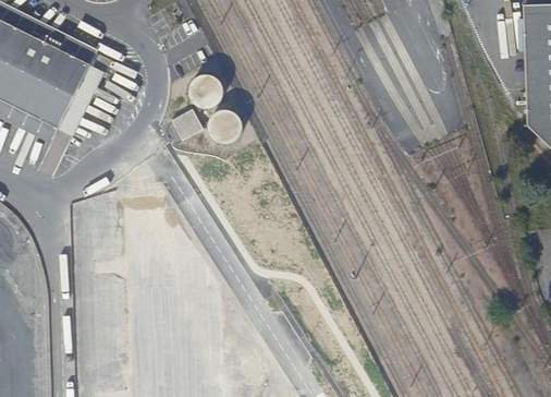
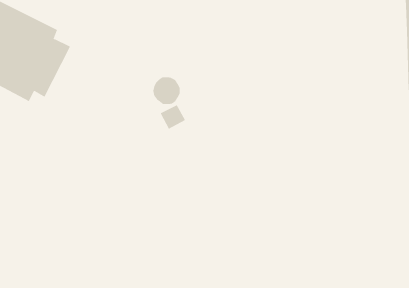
building: [189,73,224,109] -> none
building: [171,109,204,141] -> [160,104,186,130]

